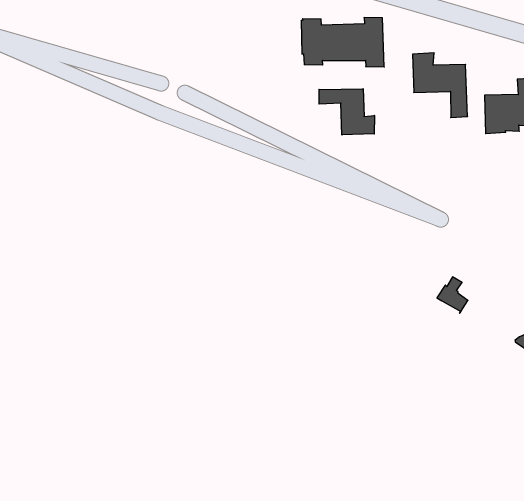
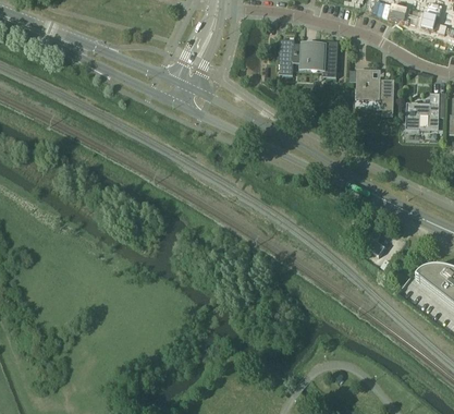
building: [319,89,374,135] -> none

